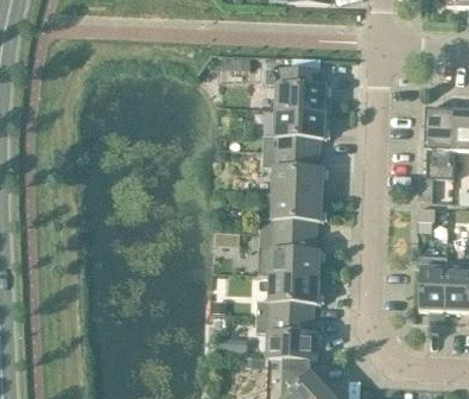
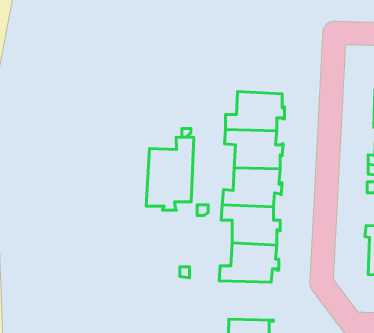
building: [265,66,328,112] -> none
building: none -> [146,137,194,210]
building: [255,316,319,359] -> none

